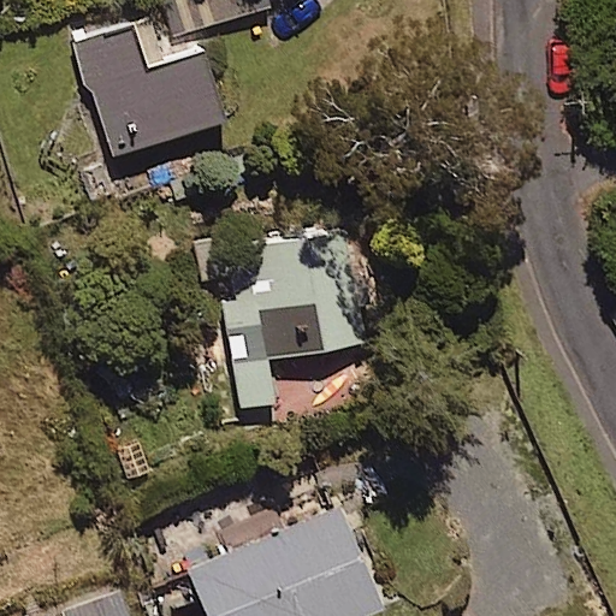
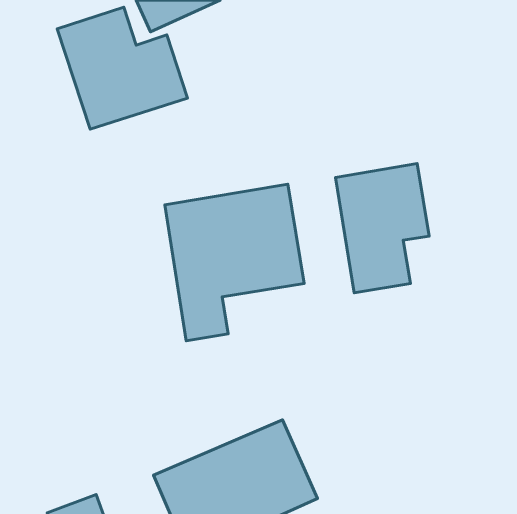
building: none -> [336,163,429,293]

